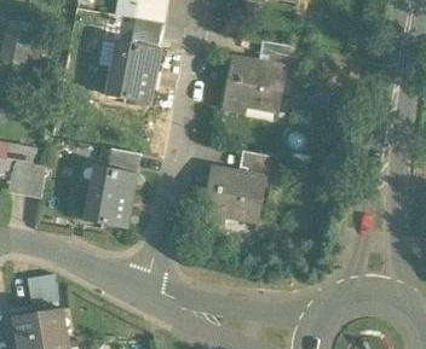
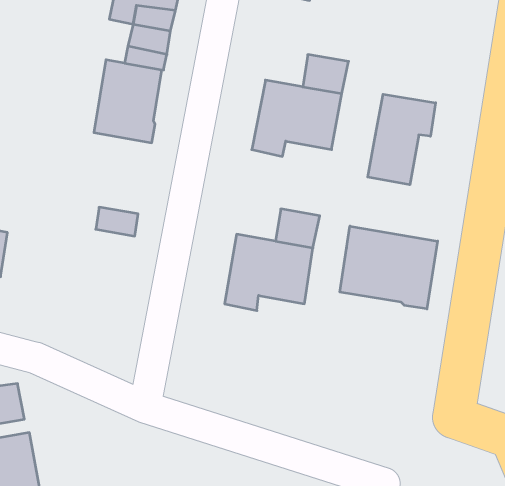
building: none -> [368,94,436,185]
building: none -> [340,226,438,309]
building: [85,168,134,227] -> none

